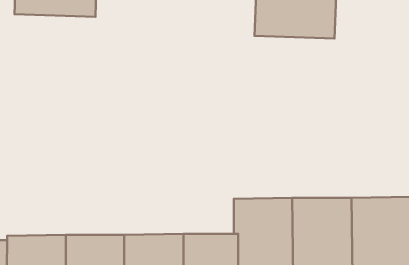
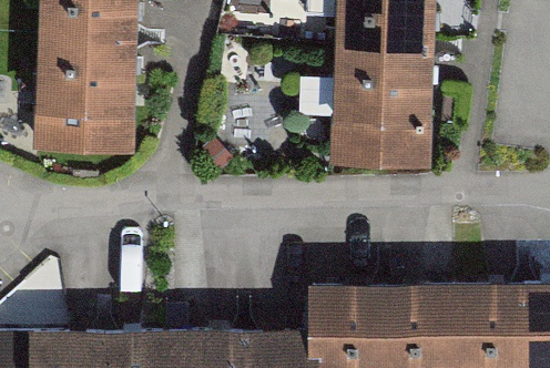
building: none -> [33,57,136,156]
building: none -> [330,83,431,171]

